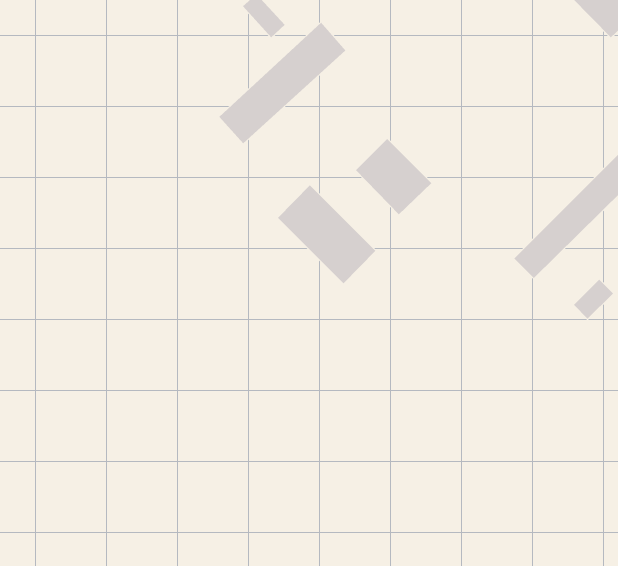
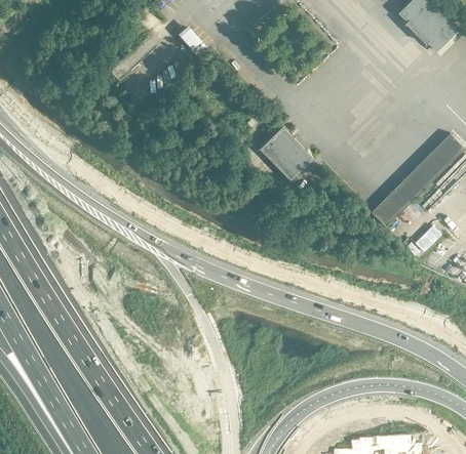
building: [219,22,346,144] -> none
building: [277,184,376,284] -> none

